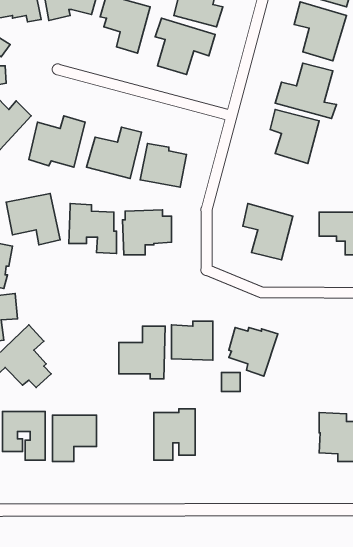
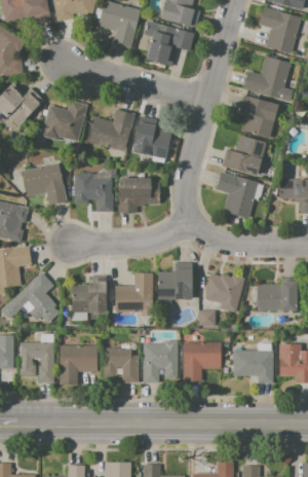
building: none -> [221,135,266,176]
building: none -> [72,276,106,311]
building: none -> [257,282,297,311]
building: none -> [183,342,222,381]
building: none -> [104,347,139,382]
building: none -> [234,350,273,383]

